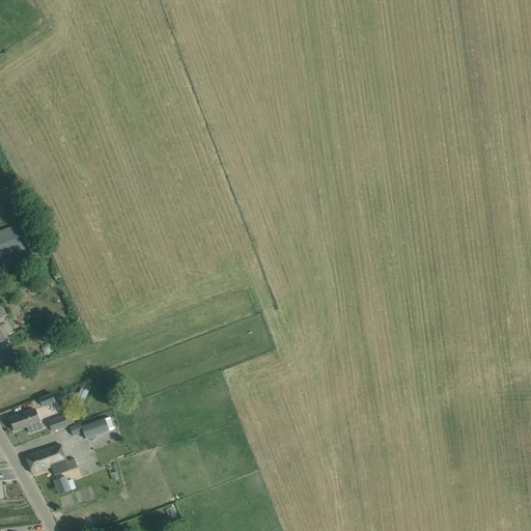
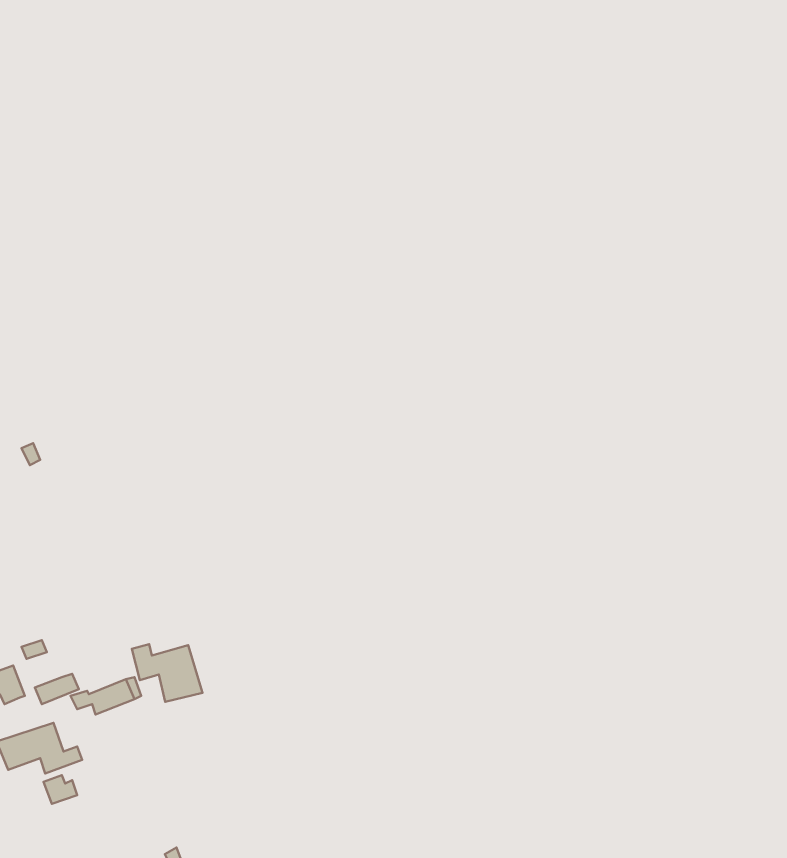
building: none -> [132,644,203,702]

